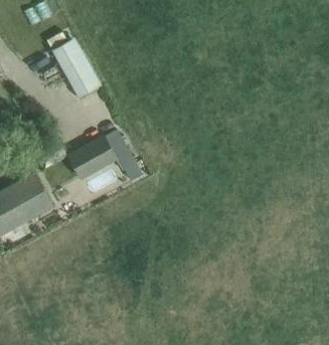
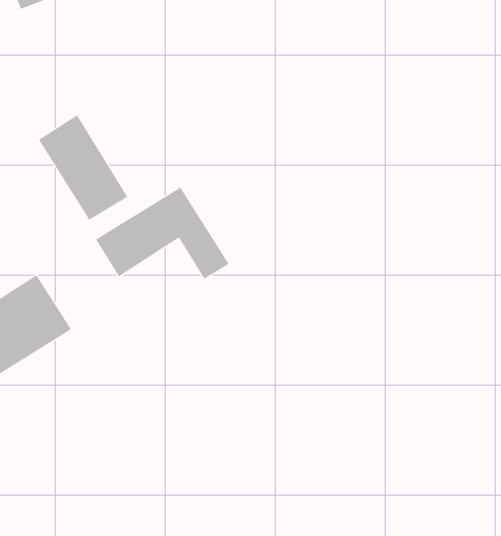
building: [52,39,102,100] -> [38,115,128,220]

